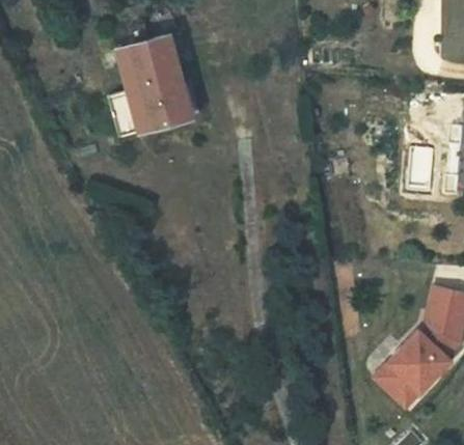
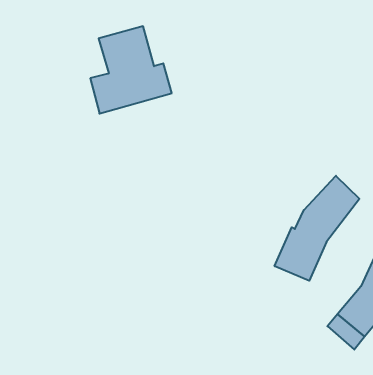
building: none -> [275,176,359,281]

